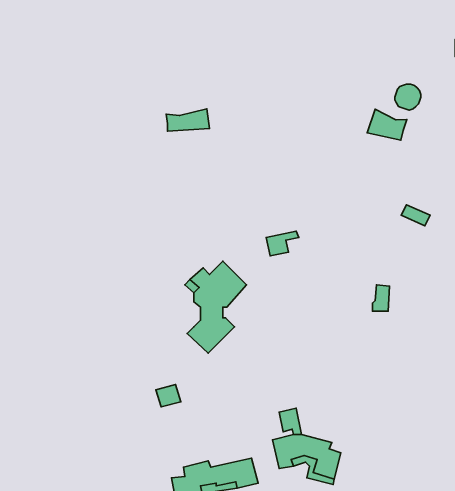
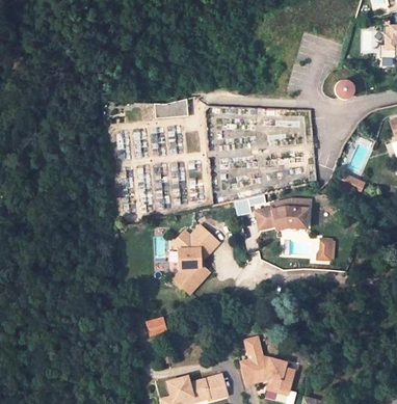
building: [367,109,407,140] -> none
building: none -> [256,207,305,228]

